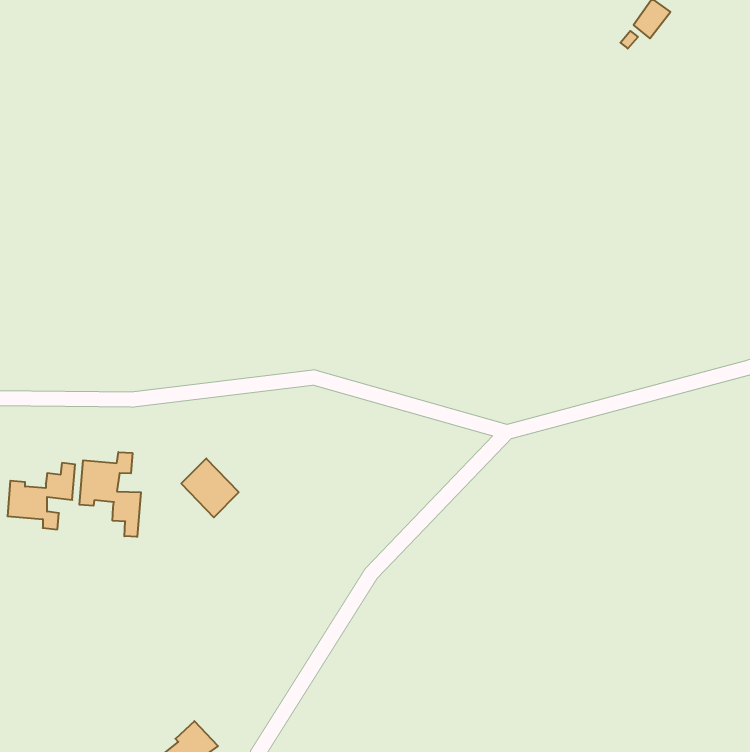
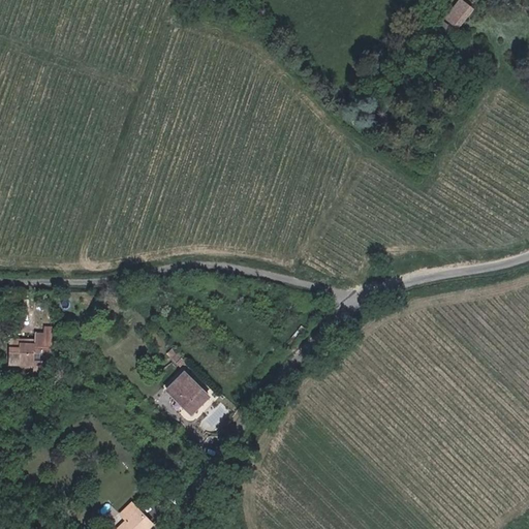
building: [79,452,141,537] -> none
building: [181,458,239,517] -> [168,373,209,414]

